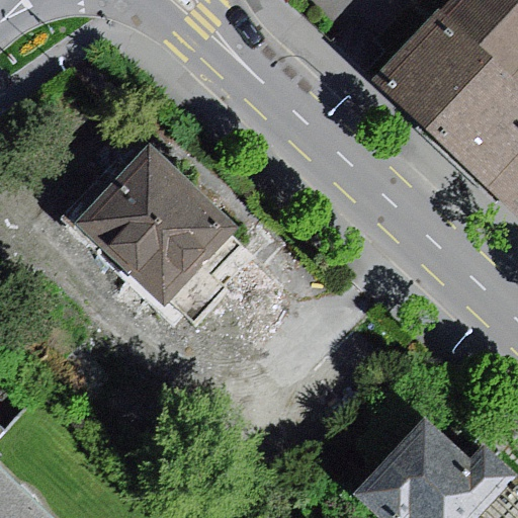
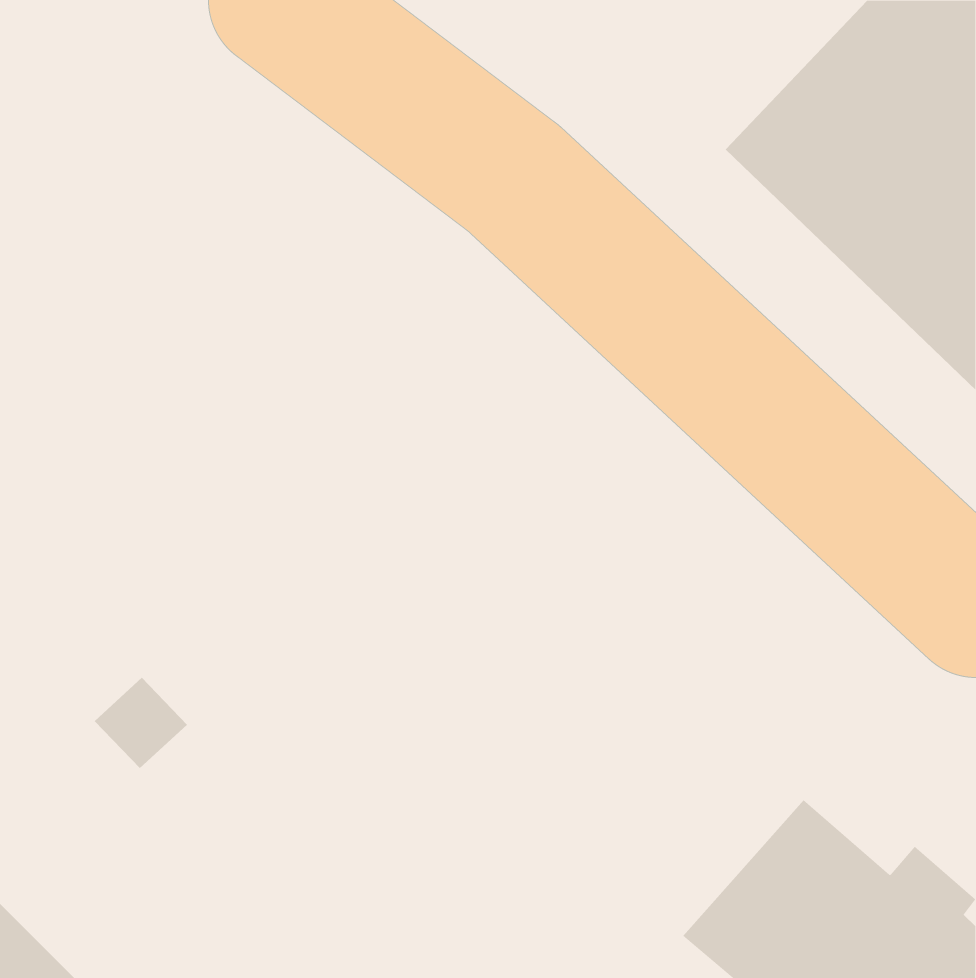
building: [82,151,225,292] -> none

